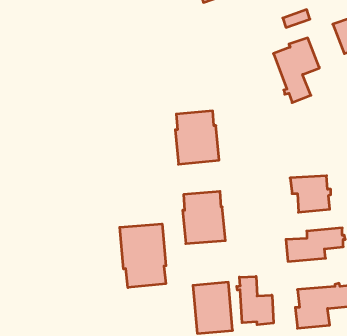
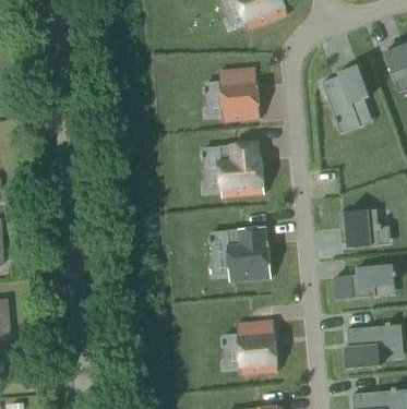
building: none -> [218,67,260,121]
building: [120,224,166,288] -> none
building: [237,276,273,325] -> none

